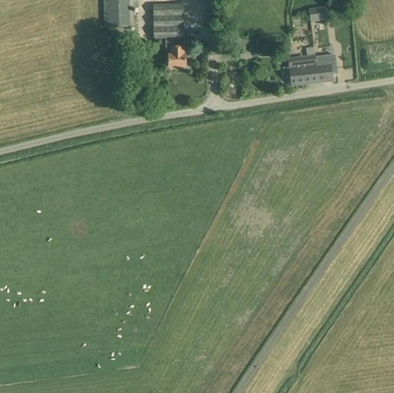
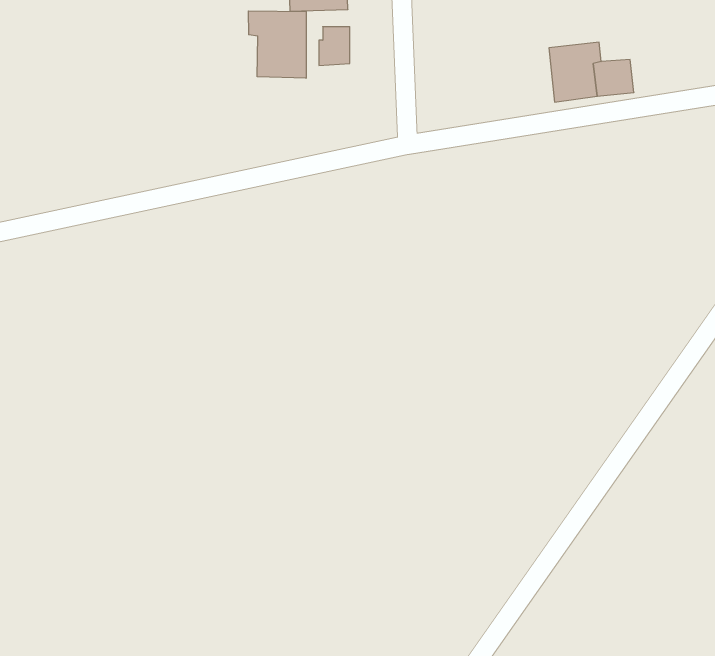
building: none -> [249,11,306,78]

